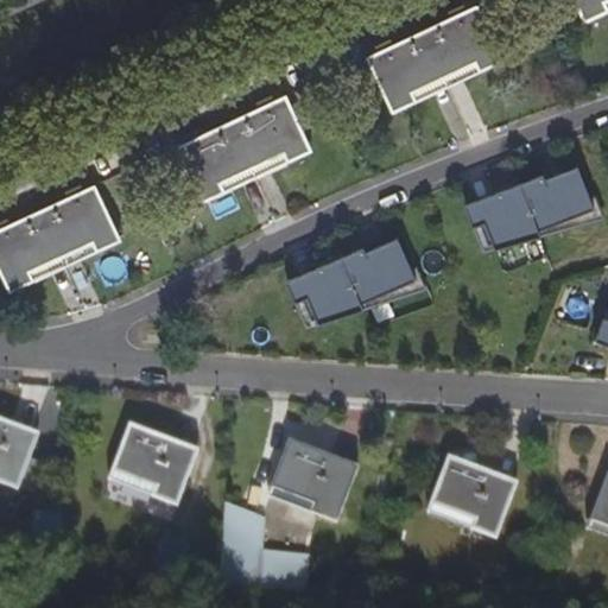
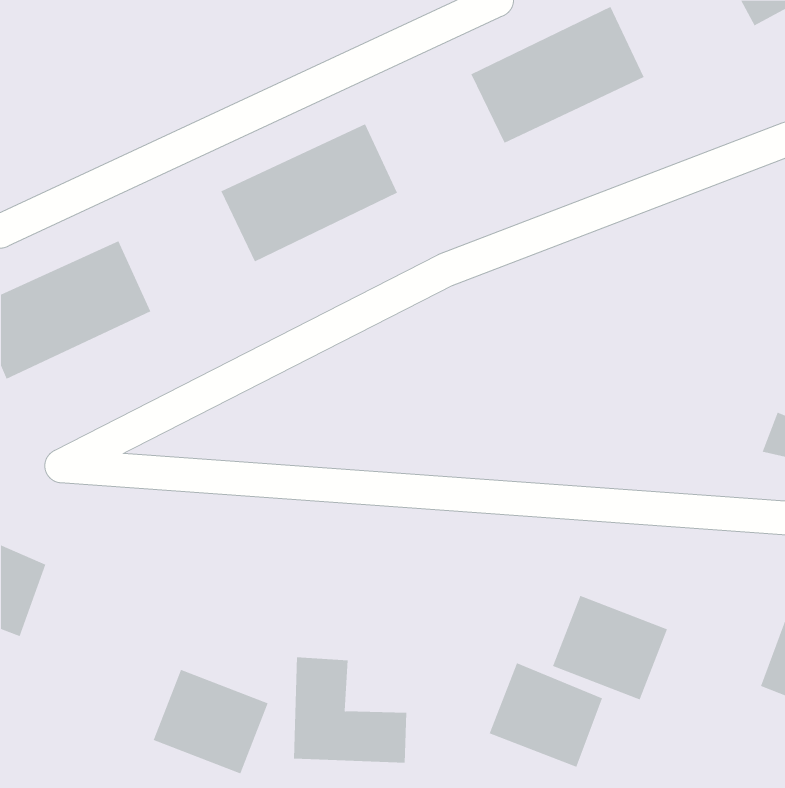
building: [456,169,589,243] -> none
building: [279,236,419,319] -> none
building: [109,426,198,507] -> [153,669,268,774]
building: [270,442,357,522] -> [489,663,603,767]

